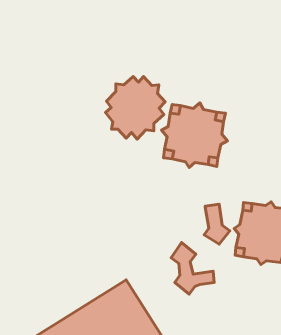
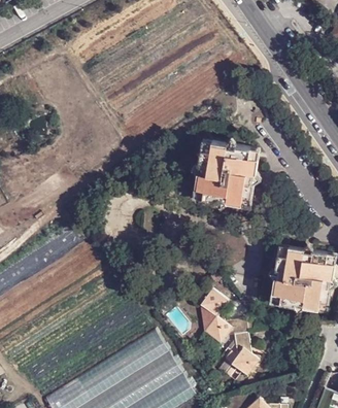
building: [105,76,165,139] -> none
building: [204,204,230,244] -> [232,332,260,375]

